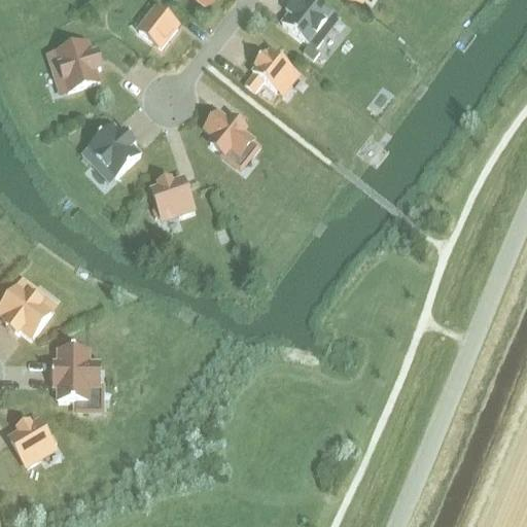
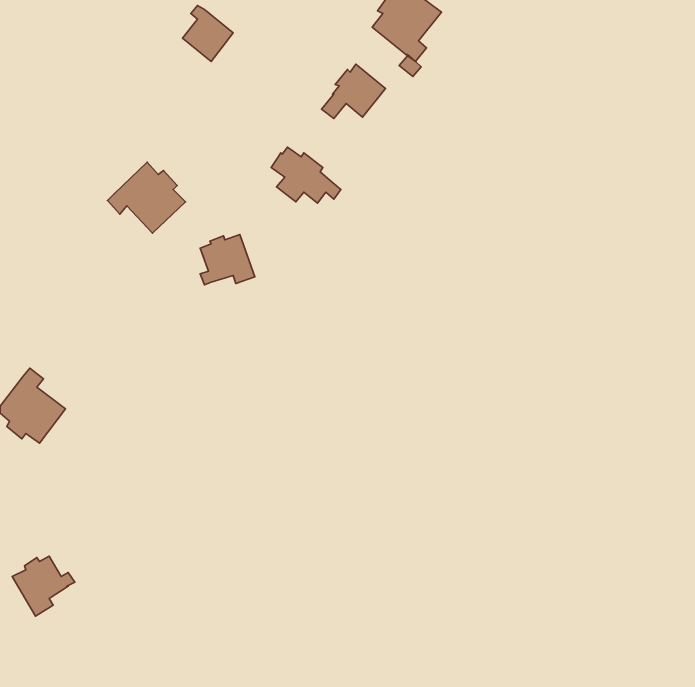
building: [48,40,101,90] -> none
building: [52,347,101,408] -> none

